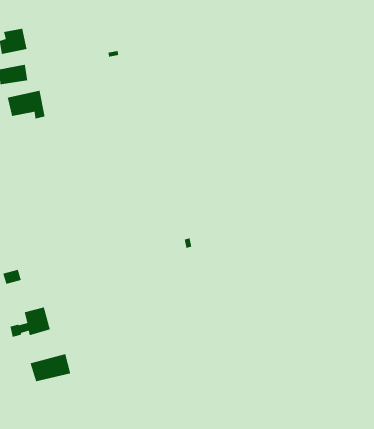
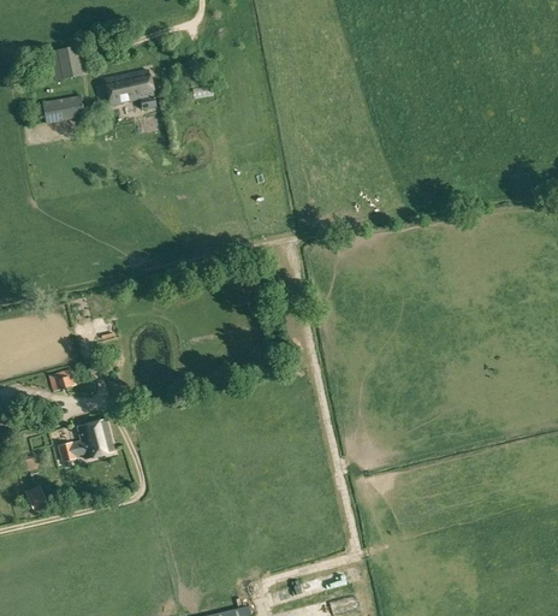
building: [7,90,46,120] -> [103,67,155,107]
building: [29,353,71,382] -> none

